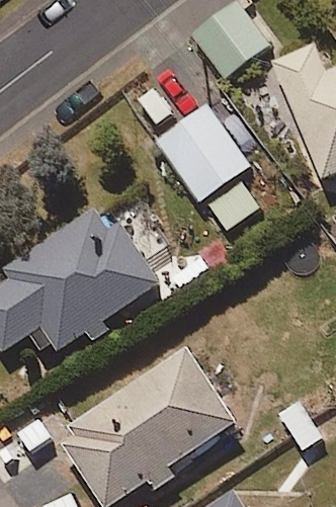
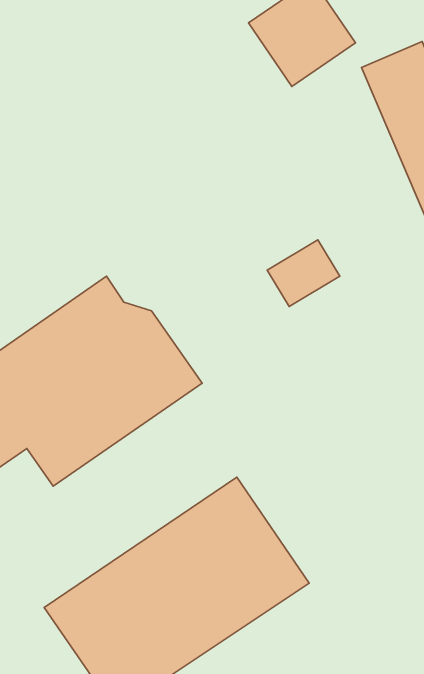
building: [154,103,247,199] -> none

